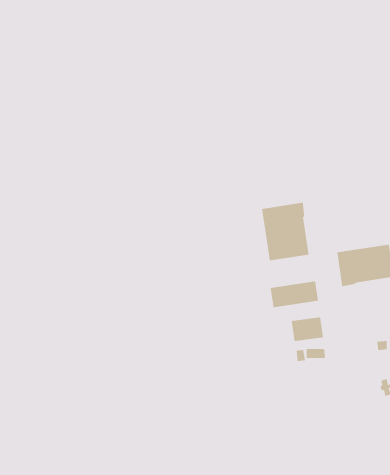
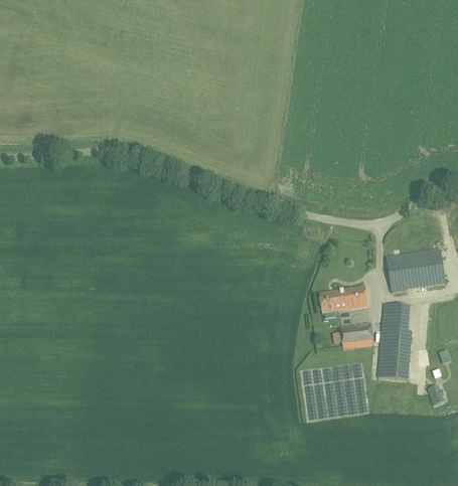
building: [261,202,309,261] -> none
building: none -> [376,304,412,379]

